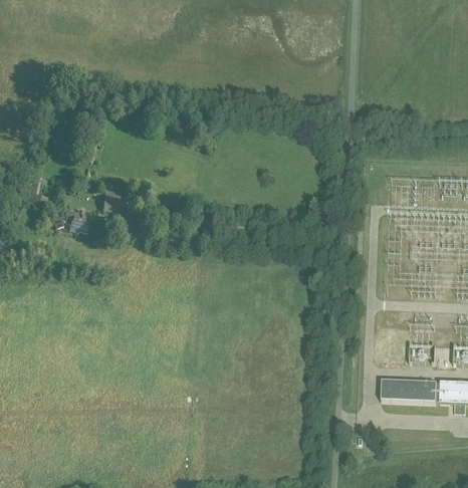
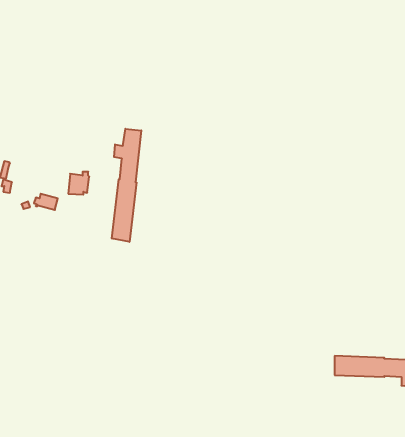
building: none -> [112,129,141,242]

